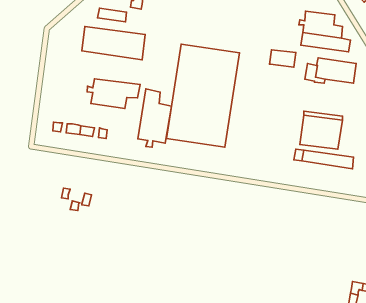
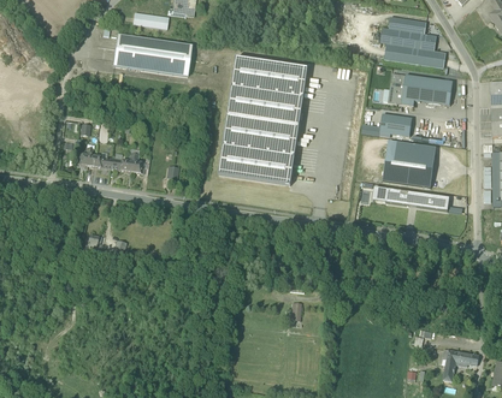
building: [269,50,296,67] -> [379,113,412,135]
building: [87,79,140,109] -> none
building: [138,89,172,147] -> none

